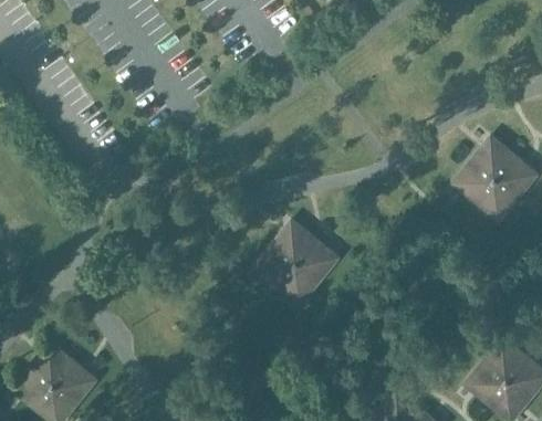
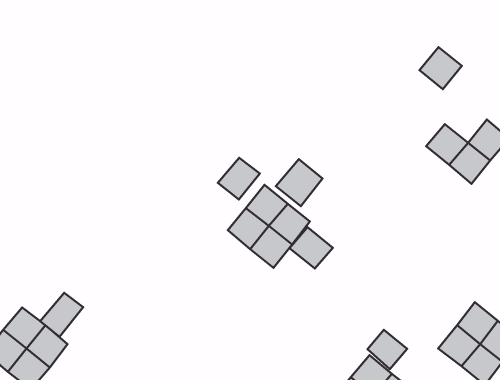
building: [473,137,515,179] -> [420,47,462,89]
building: none -> [218,158,260,200]
building: none -> [276,159,322,206]
building: none -> [289,227,333,269]
building: none -> [40,293,83,337]
building: none -> [367,330,407,369]

